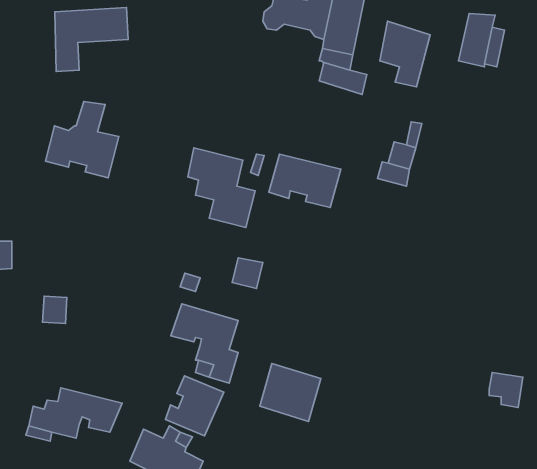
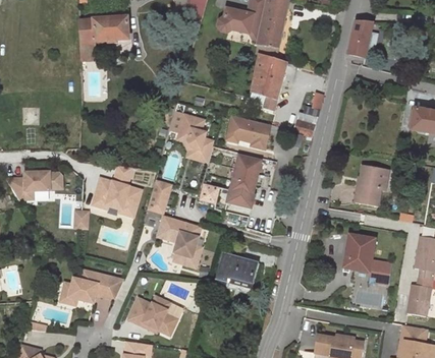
building: [380,21,430,87] -> [251,66,284,110]
building: [45,101,119,178] -> [93,166,142,217]
building: none -> [227,156,261,207]
building: none -> [356,167,389,205]
building: none -> [343,235,375,273]
building: [165,376,224,436] -> none

